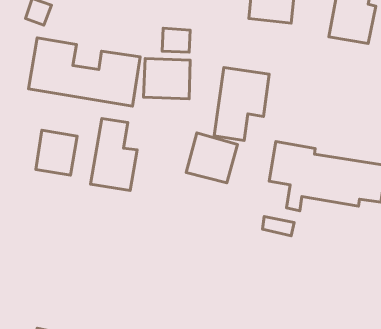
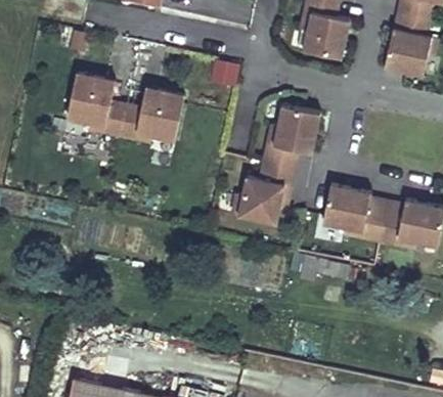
building: [143,58,190,99] -> none
building: [91,119,137,191] -> none
building: [36,130,77,175] -> none

